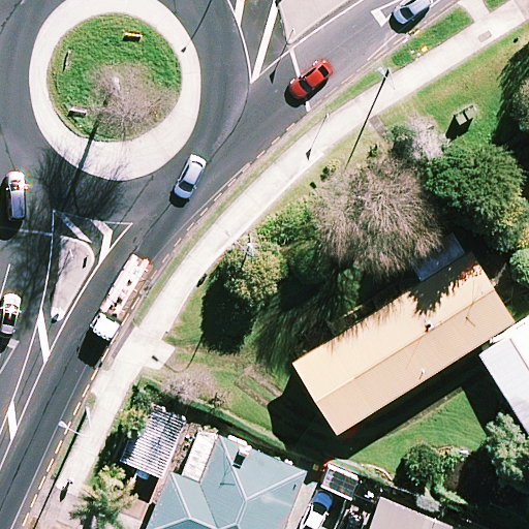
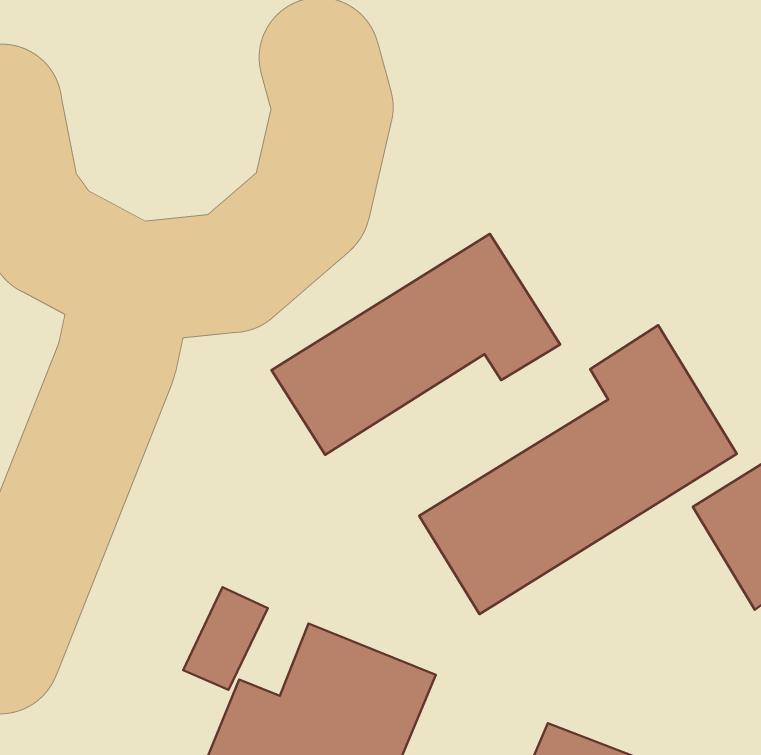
building: none -> [271,234,560,455]

